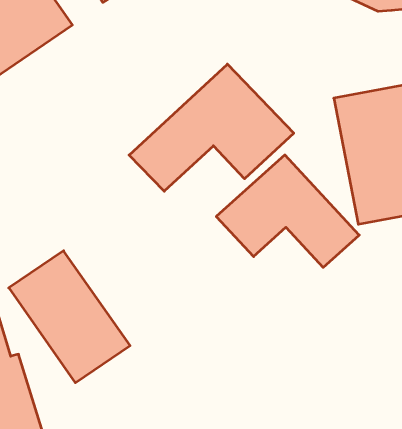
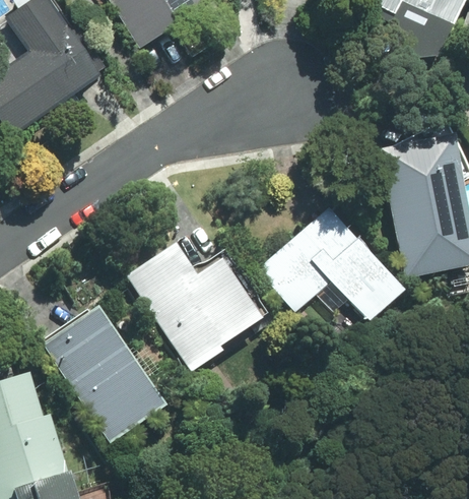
building: [129,64,294,191] -> none
building: none -> [125,240,262,370]

